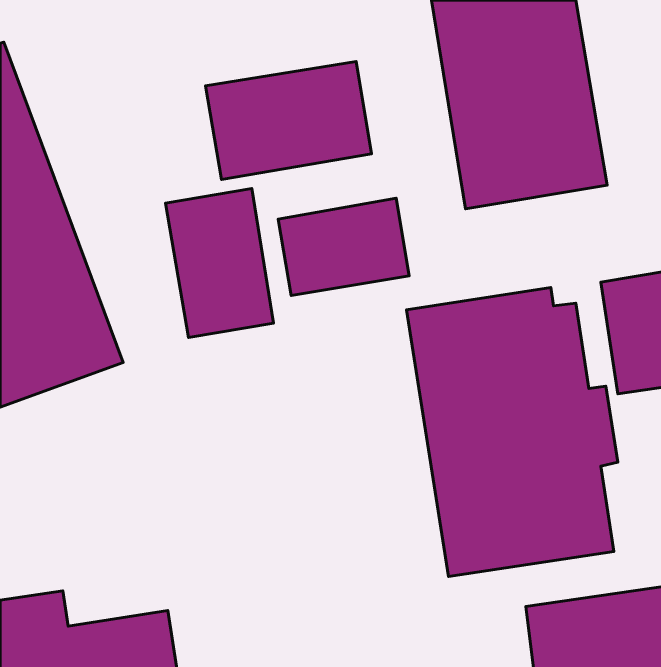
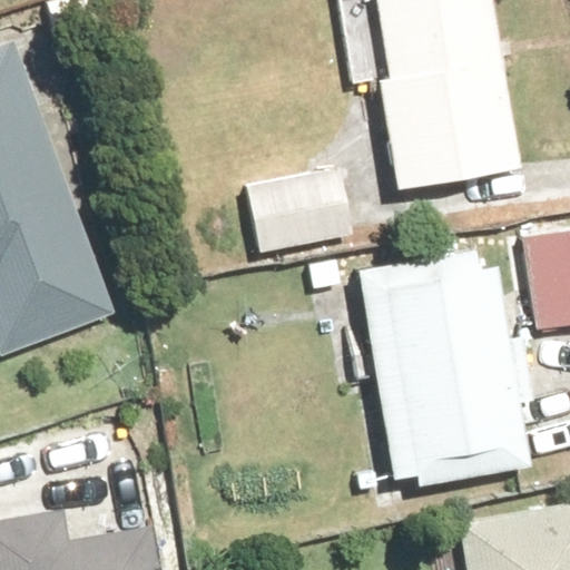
building: [206,62,371,180] -> none
building: [165,189,274,337] -> none

